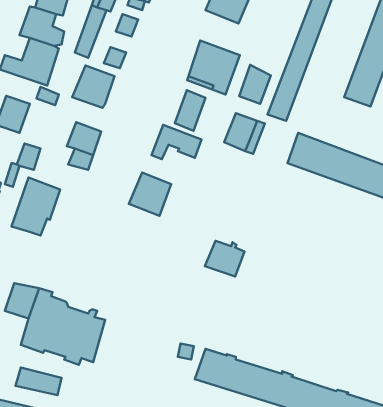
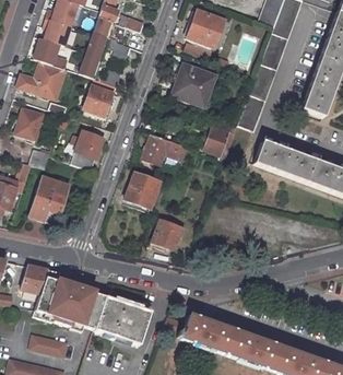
building: [239,65,271,104] -> none
building: [175,90,206,131] -> none
building: [205,241,244,277] -> [152,220,185,249]
building: none -> [95,294,152,341]

